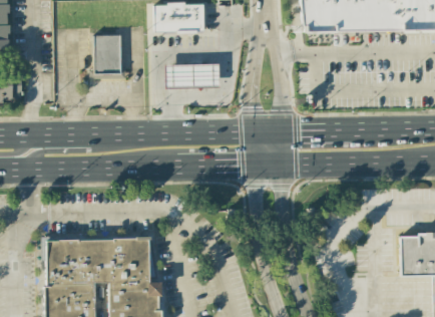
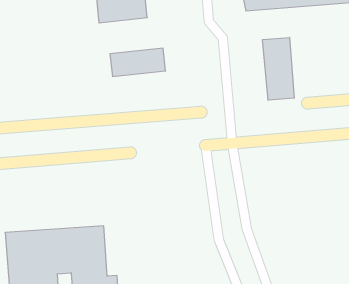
building: [93,35,125,78] -> none
building: none -> [263,37,294,100]

